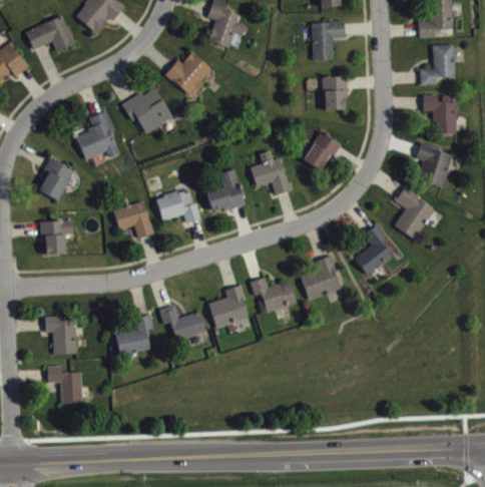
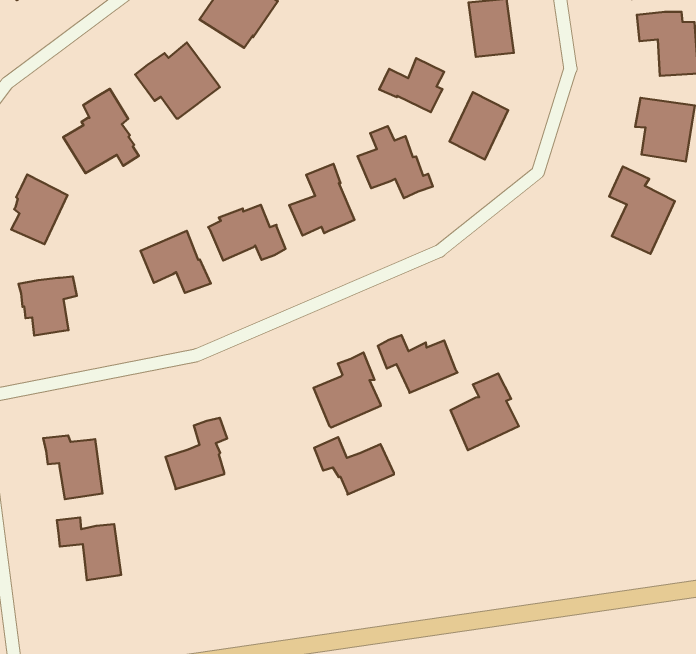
building: none -> [379,58,444,112]
building: [354,223,391,274] -> none
building: [300,255,340,299] -> [450,373,519,450]
building: [158,304,204,339] -> [314,437,394,494]

